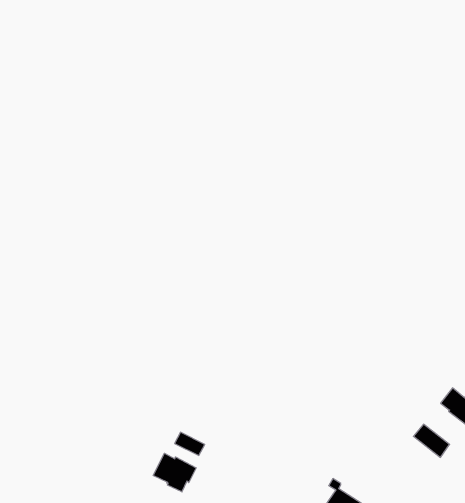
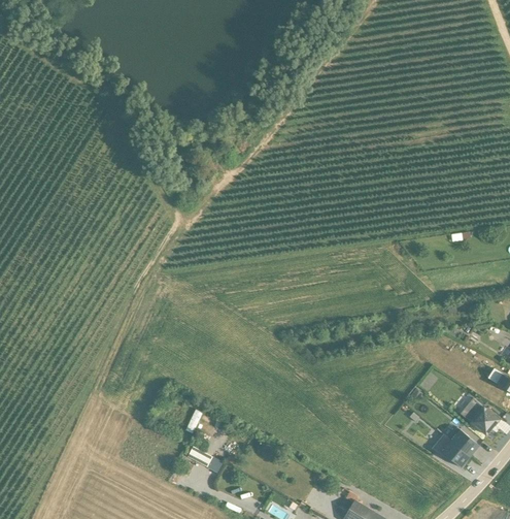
building: none -> [447,427,478,456]
building: [153,453,196,492] -> none

